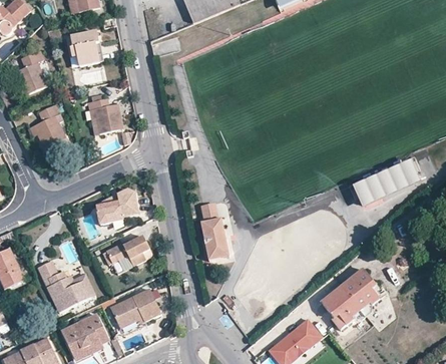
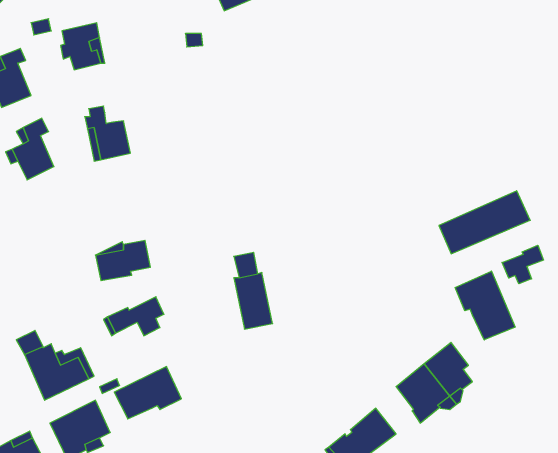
building: none -> [502,245,544,284]
building: none -> [455,271,515,340]

